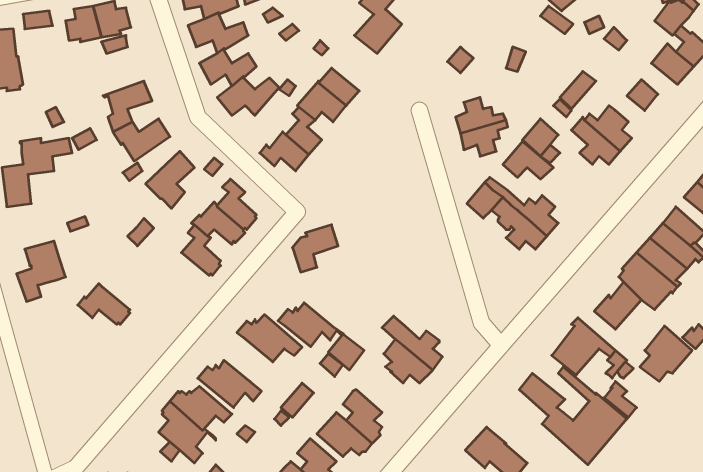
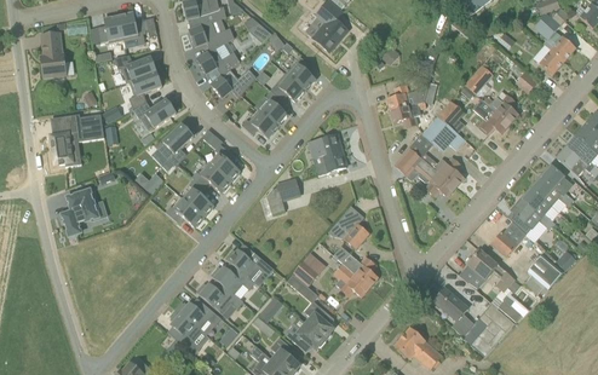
building: none -> [113,54,155,82]
building: none -> [307,133,345,172]
building: none -> [335,206,367,247]
building: [78,284,130,324] -> [165,196,203,226]
building: [278,303,343,347] -> [209,261,258,294]

